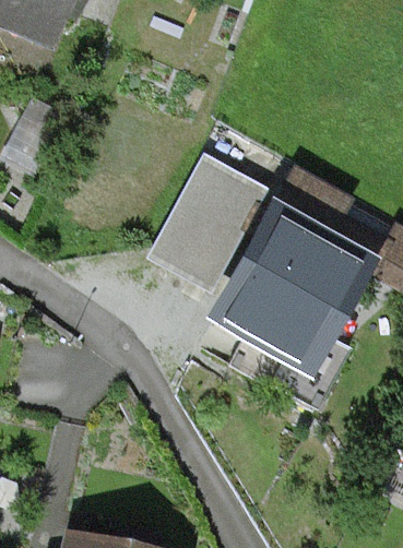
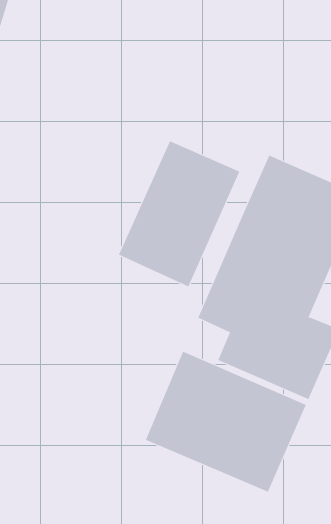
building: none -> [145,351,307,493]

